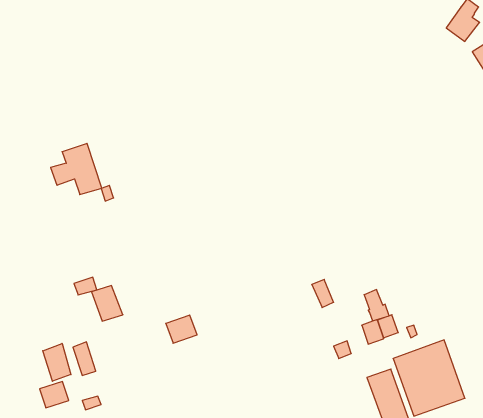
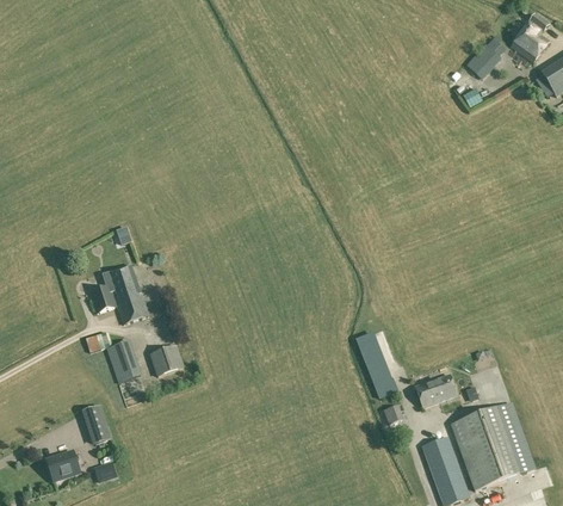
building: none -> [465,43,499,76]
building: [51,143,102,195] -> [88,264,147,322]
building: [364,290,389,321] -> [369,360,397,396]
building: [166,315,197,343] -> [148,344,184,376]
building: [43,343,71,381] -> none

